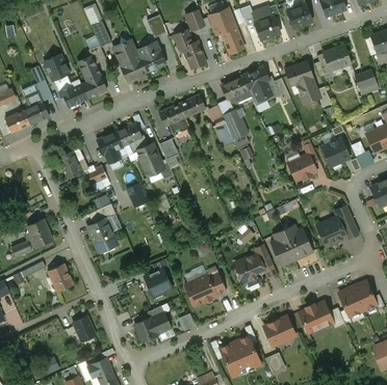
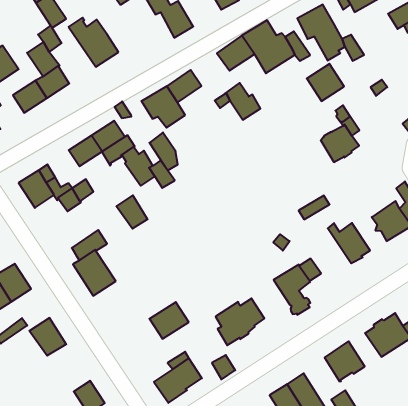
building: [137,44,165,73] -> none
building: [322,139,350,166] -> [307,64,344,101]
building: [270,229,296,266] -> none

